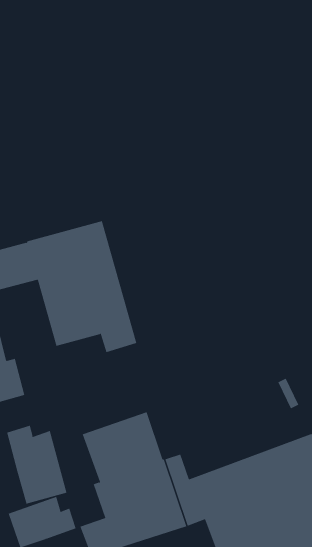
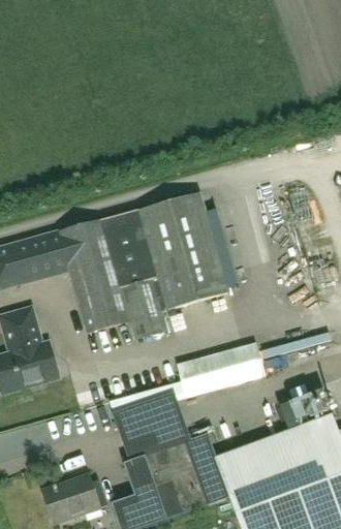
building: none -> [131,191,233,328]
building: none -> [176,342,265,397]
building: [6,425,67,505] -> none

